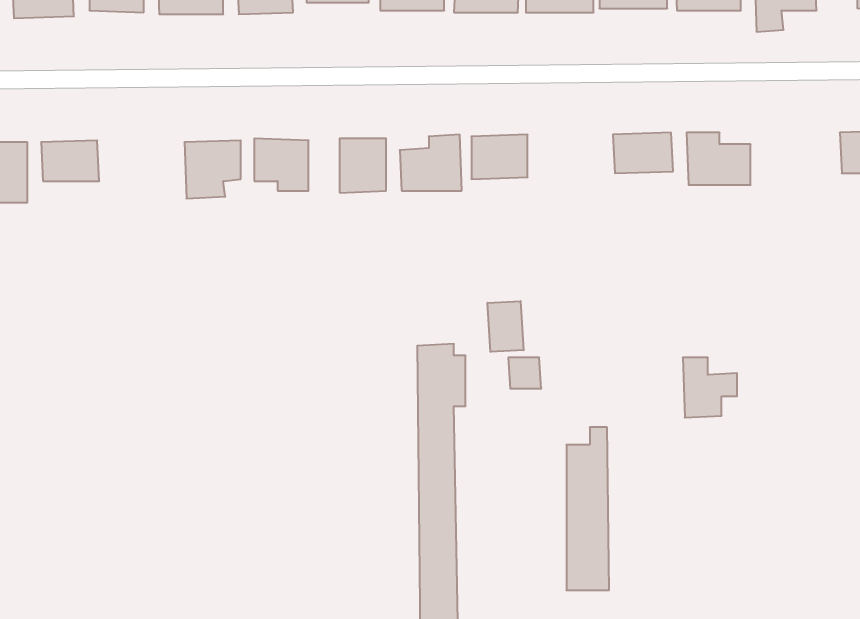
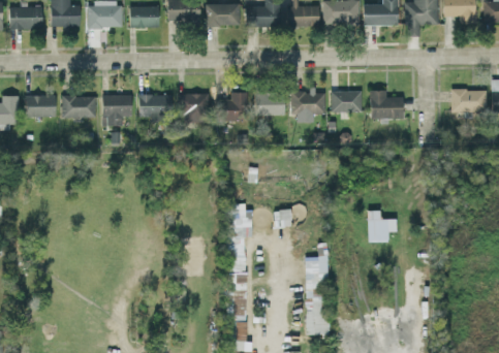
building: none -> [290,91,324,123]
building: none -> [61,96,96,118]
building: [488,301,524,352] -> none

